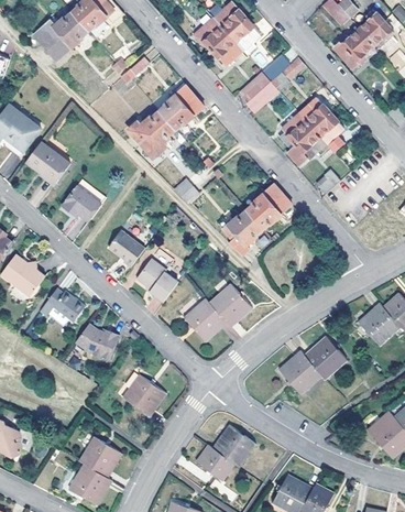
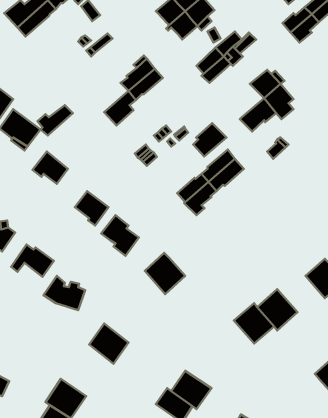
building: [128,111,166,144] -> [38,105,73,135]
building: [277,112,314,149] -> [193,123,226,157]
building: [210,283,253,326] -> none

